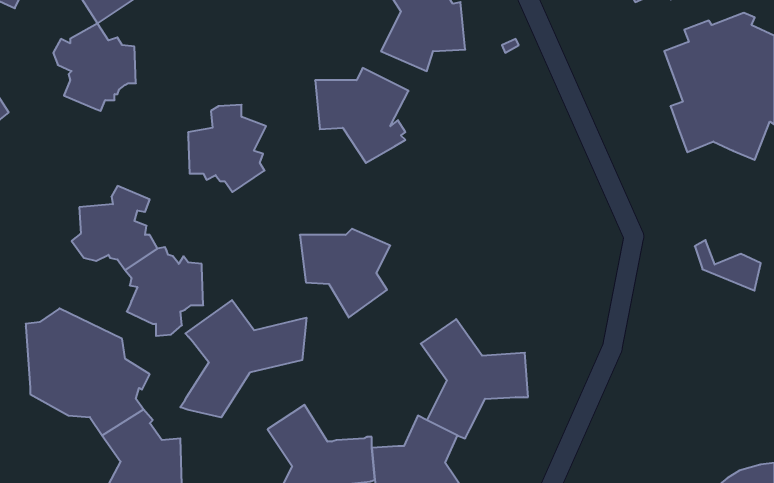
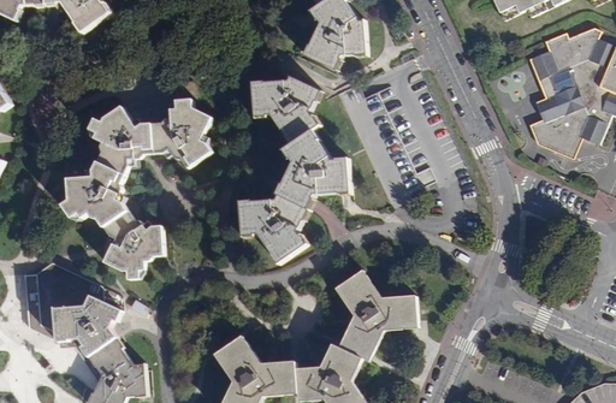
building: [53,24,136,111] -> [87,106,152,174]
building: none -> [276,131,349,209]
building: [695,240,761,291] -> [527,117,579,156]
building: [180,300,306,417] -> none

